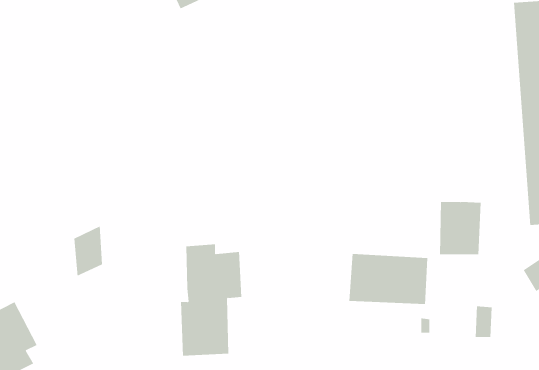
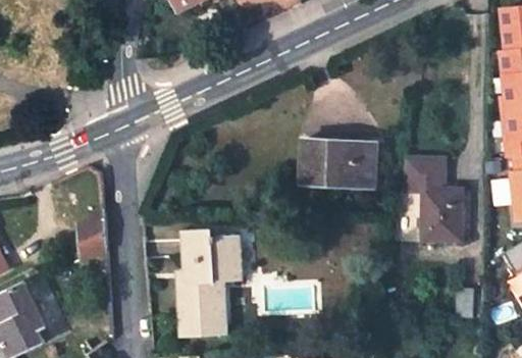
building: none -> [402,160,445,191]
building: [349,253,428,304] -> [303,141,377,189]

